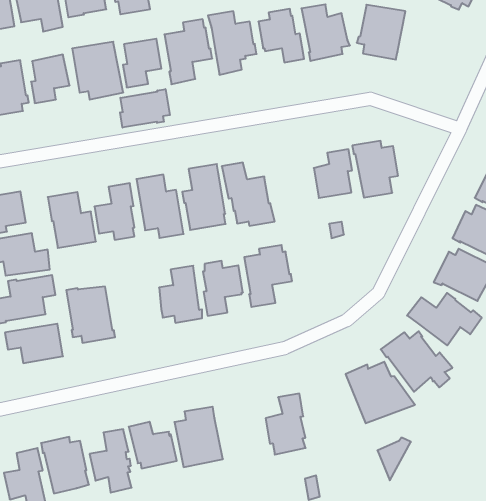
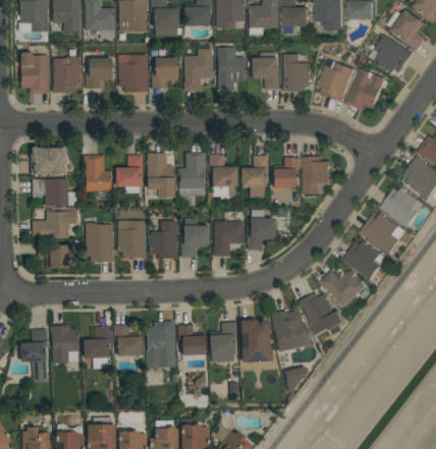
building: none -> [346,68,390,110]
building: [120,89,170,128] -> none
building: none -> [240,156,269,198]
building: none -> [248,210,275,250]
building: none -> [118,221,147,259]
building: none -> [239,319,271,363]
building: none -> [178,325,206,360]

